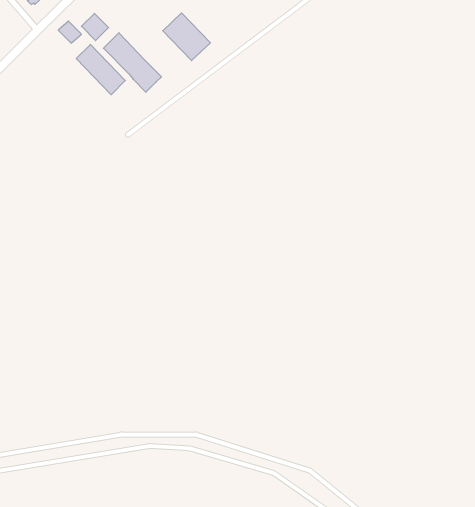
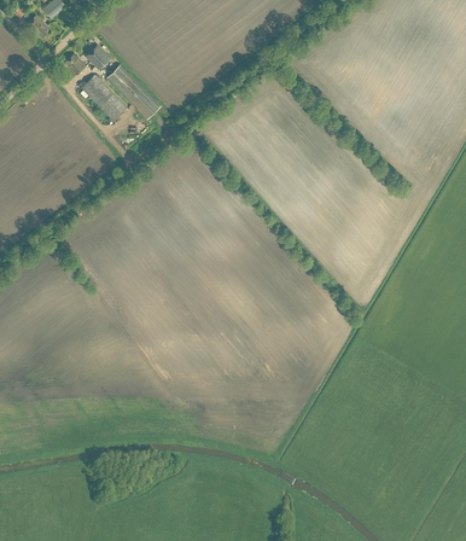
building: [163,13,210,61] -> none

